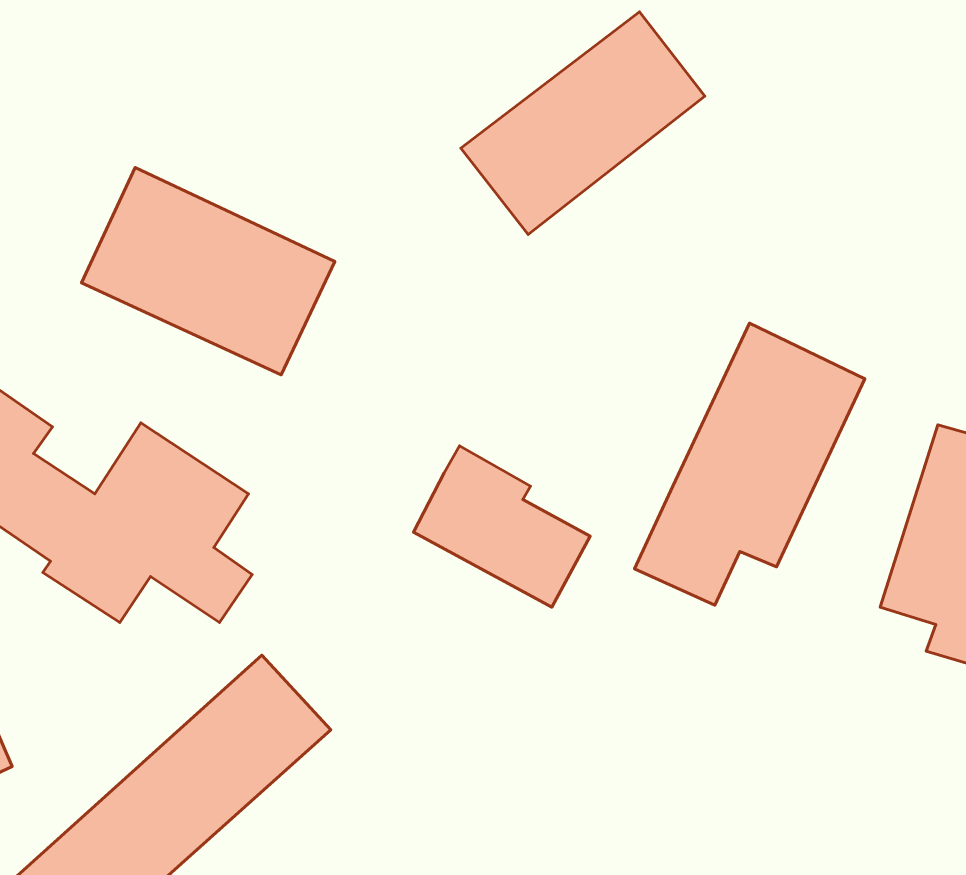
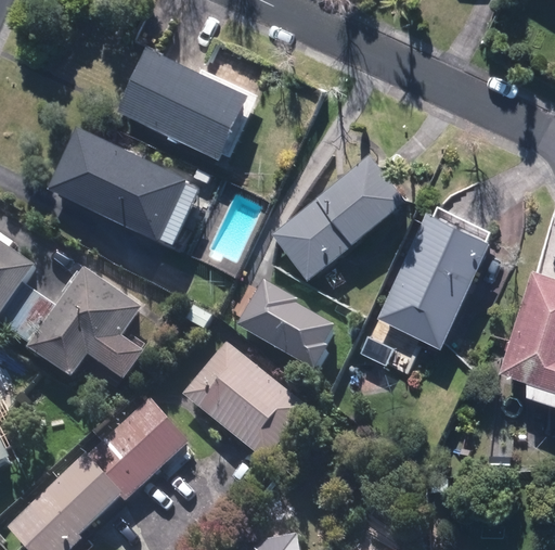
building: [461,12,705,234] -> [270,154,408,280]
building: none -> [118,48,254,162]
building: none -> [180,340,310,464]

